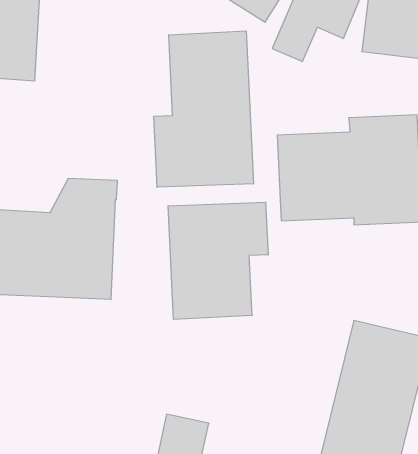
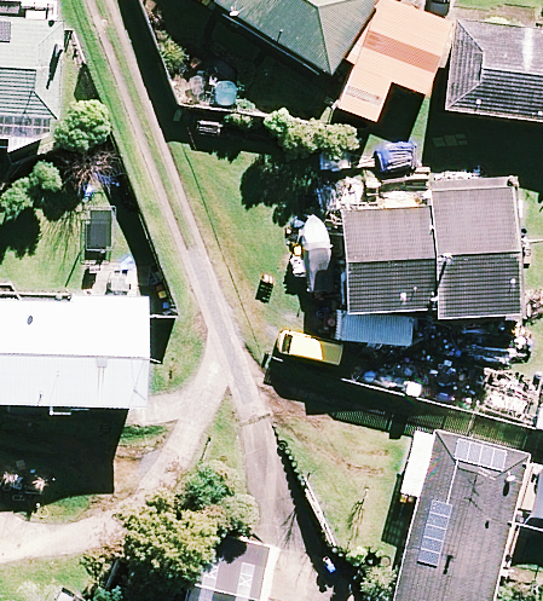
building: [154,31,253,187] -> none
building: [168,202,268,319] -> none

